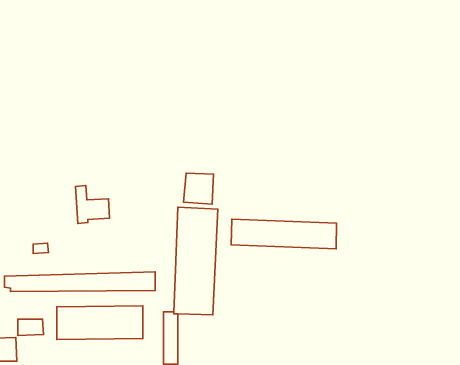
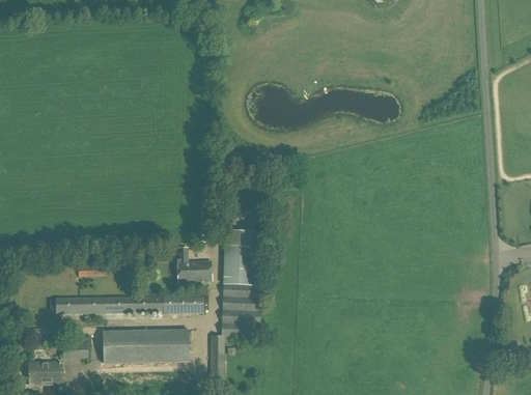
building: [184,173,213,204] -> none
building: [76,185,110,223] -> [176,246,211,284]
building: [231,219,337,249] -> none

